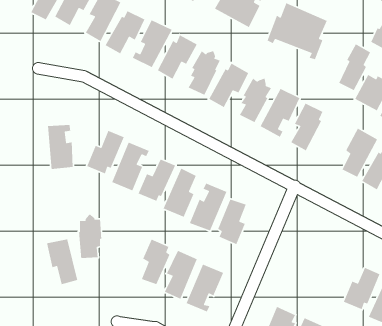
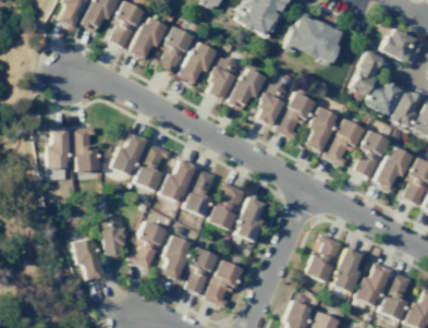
building: none -> [326,118,365,166]
building: none -> [47,126,70,180]
building: none -> [131,219,168,267]
building: none -> [305,233,343,281]
building: none -> [333,247,363,292]

